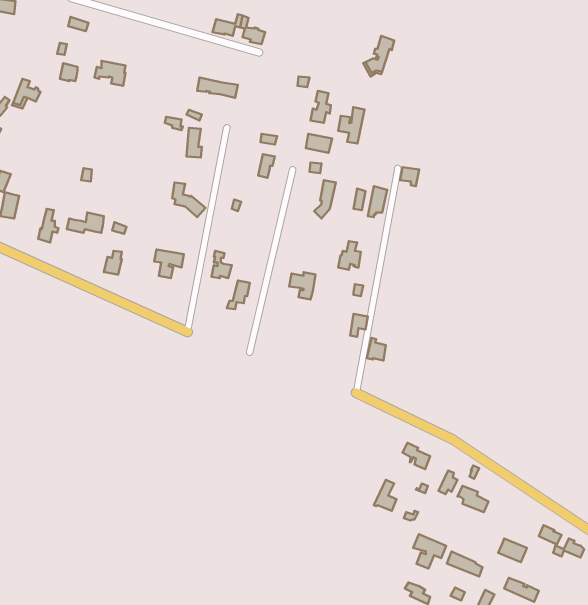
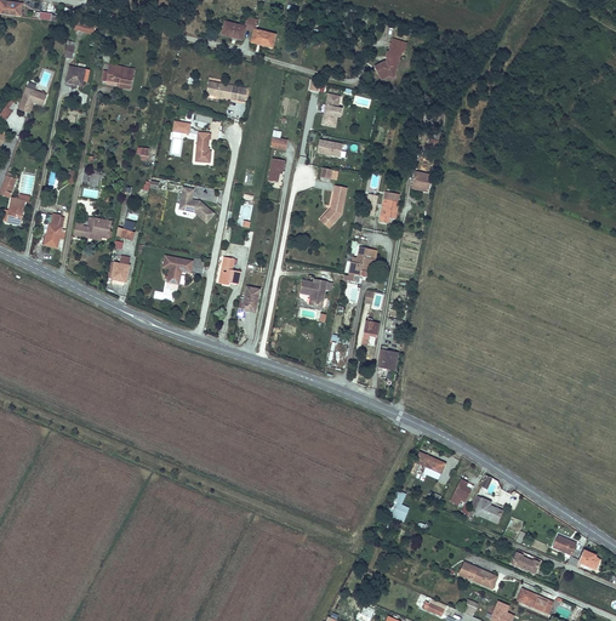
building: [338,107,364,144] -> none
building: [413,534,446,568] -> none

